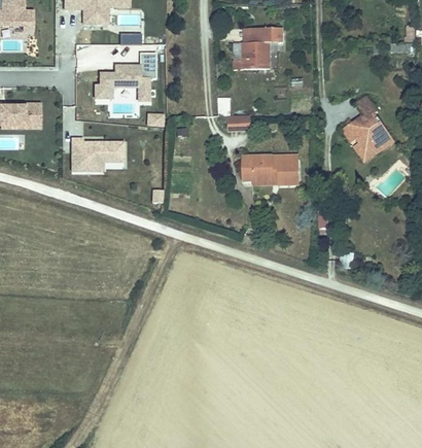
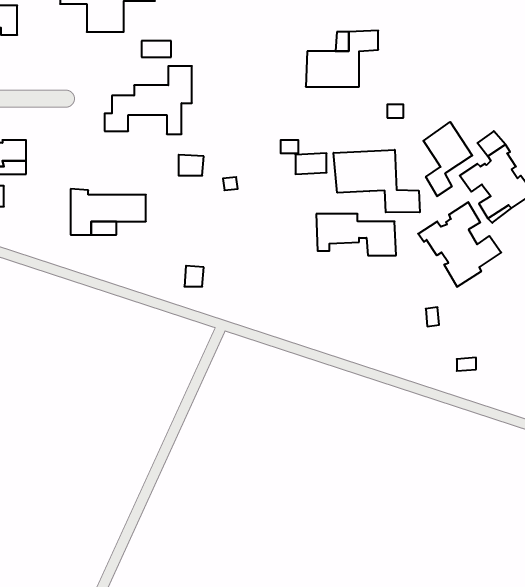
building: none -> [423,122,472,196]
building: none -> [334,150,420,212]
building: none -> [418,202,501,287]

